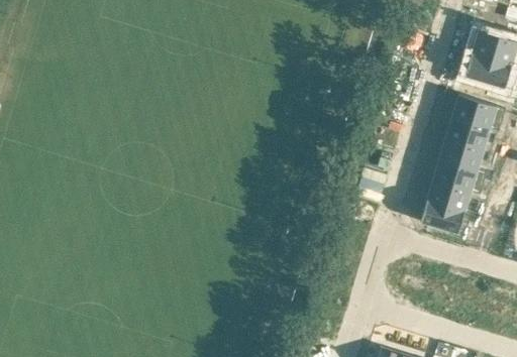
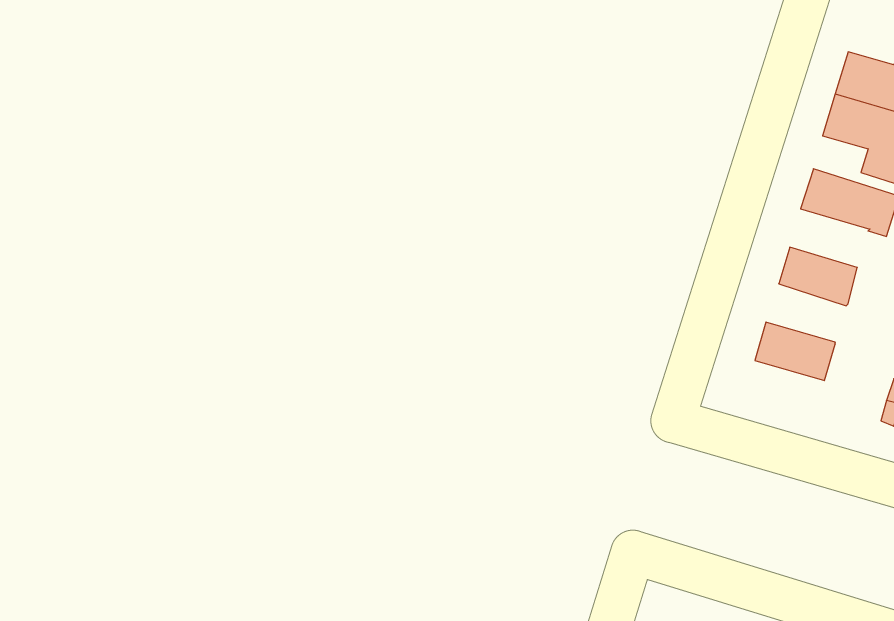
building: [446,116,491,148] -> none
building: [433,157,488,194] -> none
building: [421,200,466,233] -> none

